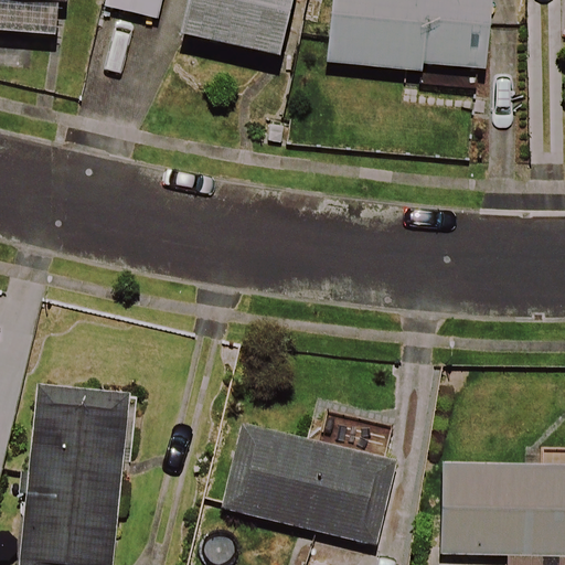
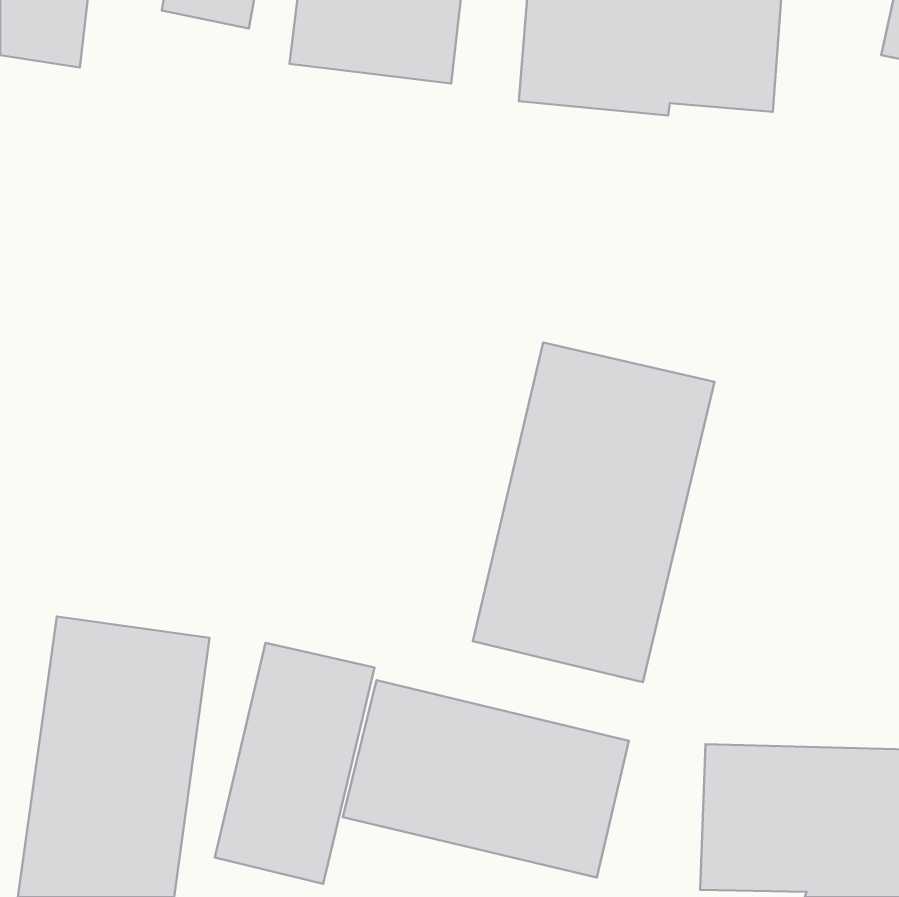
building: none -> [473,342,714,682]
building: none -> [215,643,375,884]

